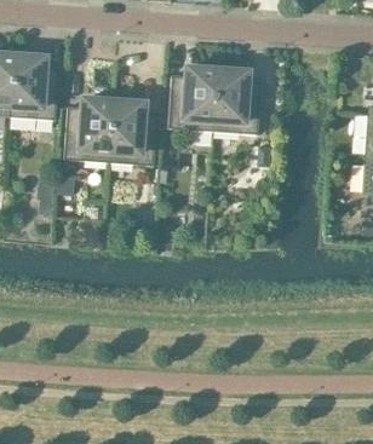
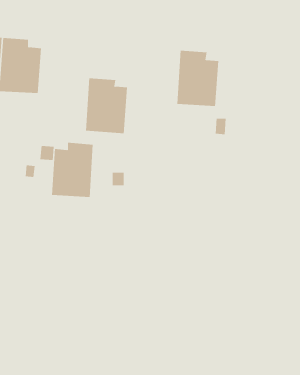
building: [167,68,216,131] -> none
building: [63,98,111,161] -> [51,142,94,197]

